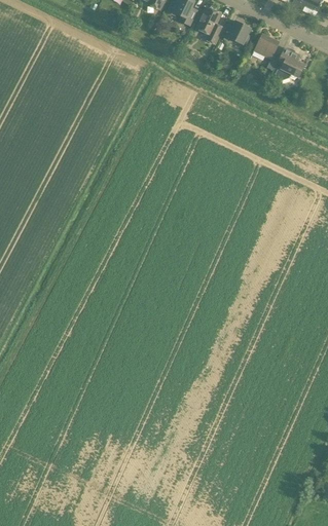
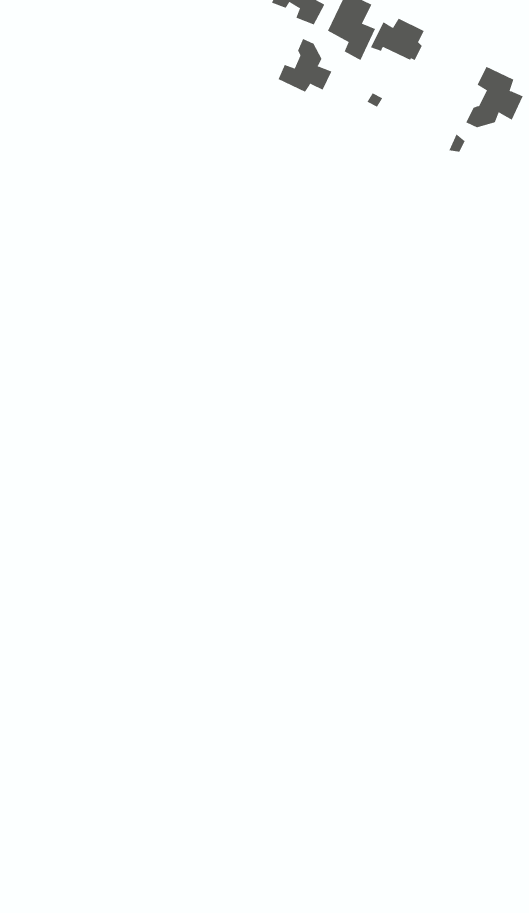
building: none -> [278,38,332,92]
building: [254,32,280,69] -> none

